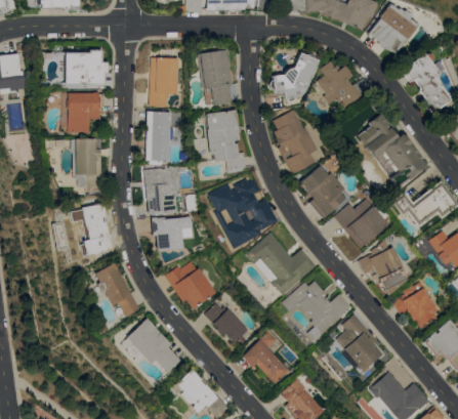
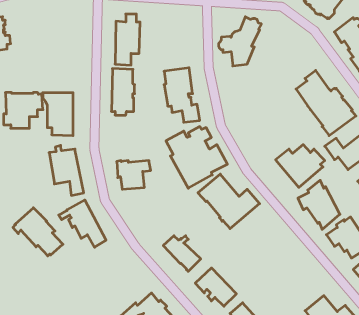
building: [66,50,109,84] -> none
building: [199,50,234,107] -> none
building: [317,61,364,112] -> none
building: [60,92,106,133] -> [4,93,43,128]
building: [275,110,319,175] -> none
building: [300,166,347,219] -> none
building: [145,168,178,215] -> none
building: [167,262,217,309] -> none
building: [282,281,351,336] -> none
building: [336,311,384,370] -> none
building: [124,319,181,374] -> [13,208,63,256]

